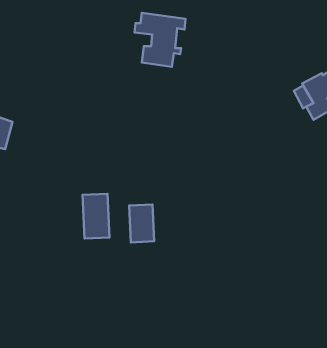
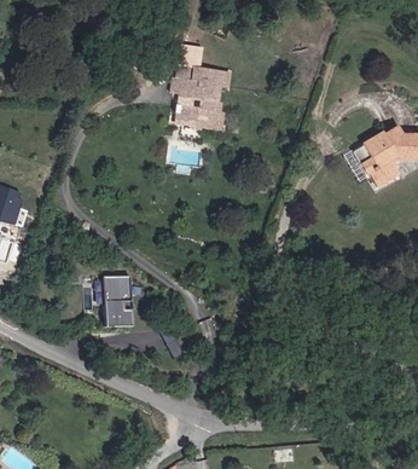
building: [129,204,154,242] -> none

